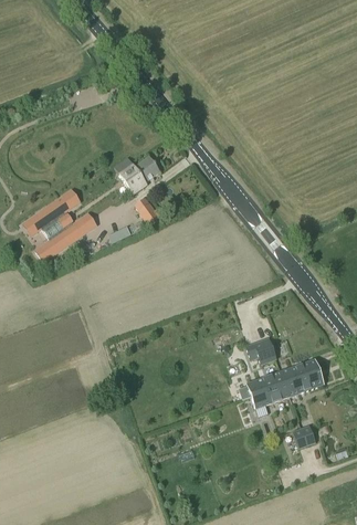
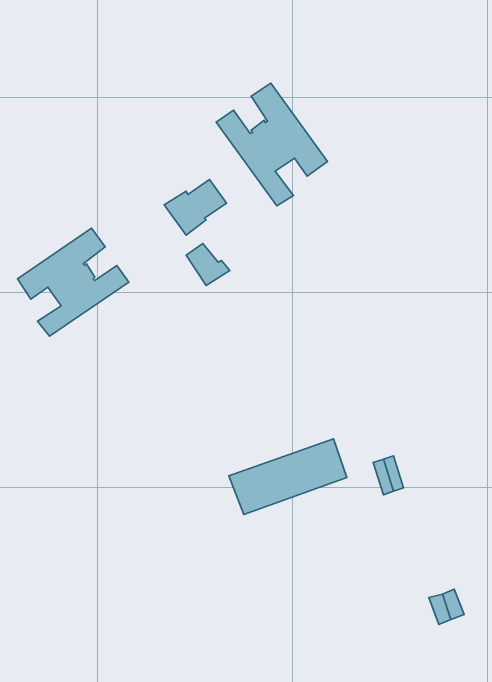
building: none -> [216,83,327,206]
building: [245,359,323,409] -> [229,439,347,515]

